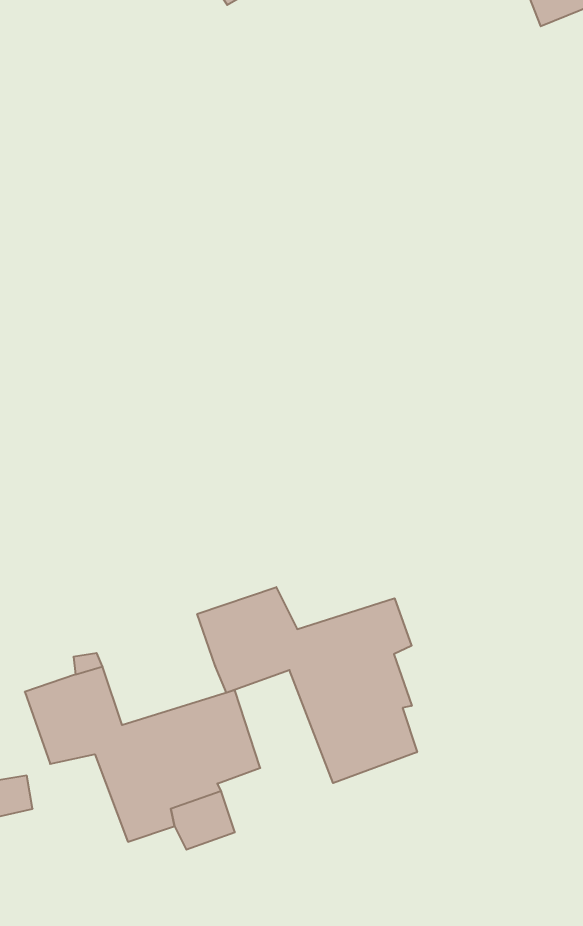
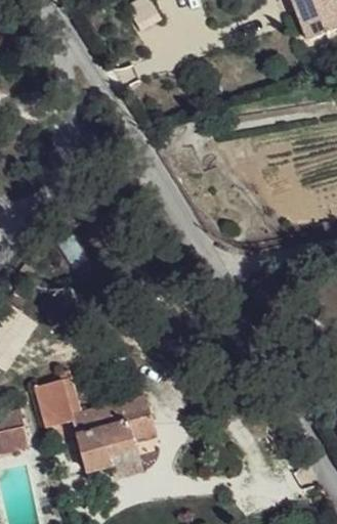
building: [197,587,417,783] -> none

